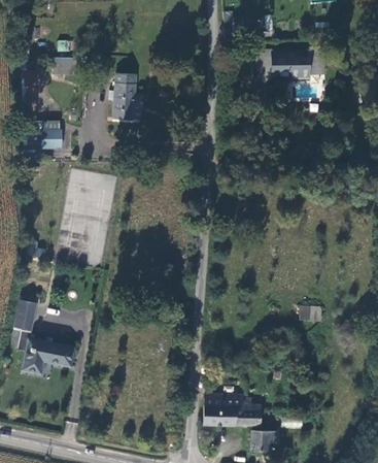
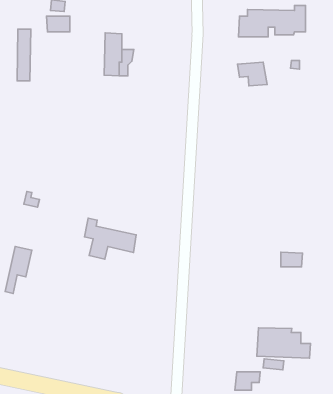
building: none -> [237,62,267,86]
building: [41,119,58,150] -> none
building: [19,329,73,372] -> [84,218,136,259]
building: [204,394,261,426] -> [257,328,311,358]

